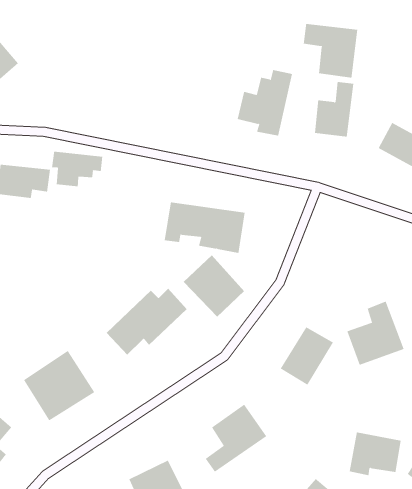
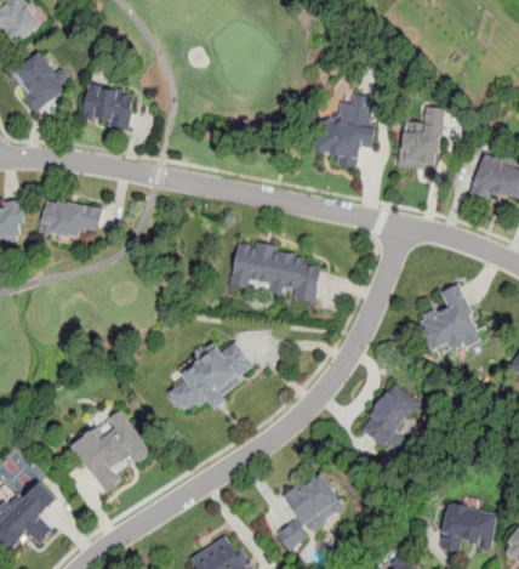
building: [303,23,358,79] -> none
building: none -> [79,84,132,126]
building: [51,151,103,187] -> none
building: [183,254,245,318] -> none
building: [346,301,404,365] -> [416,283,481,355]

